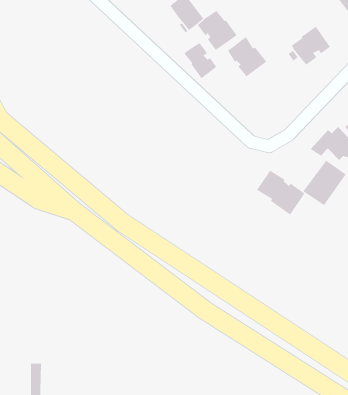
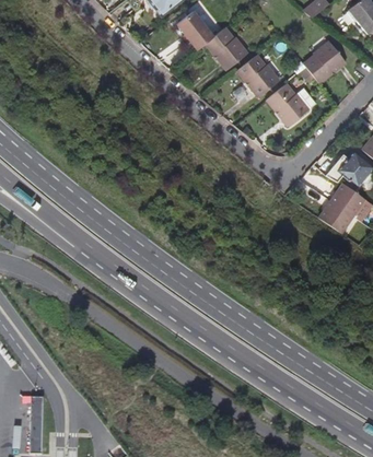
building: [184,42,217,79] -> none
building: none -> [267,84,310,128]
building: [256,170,305,215] -> none

